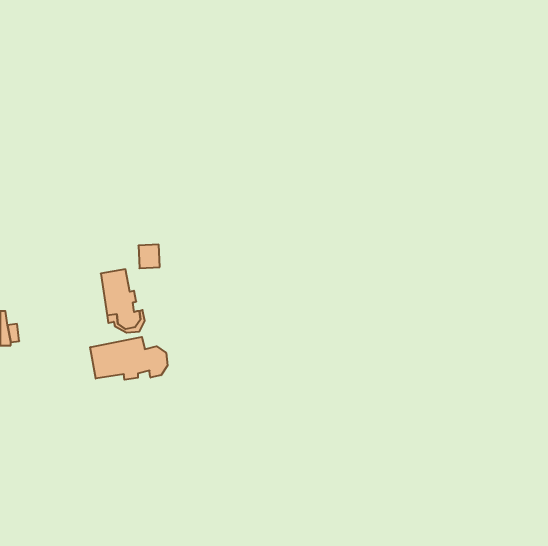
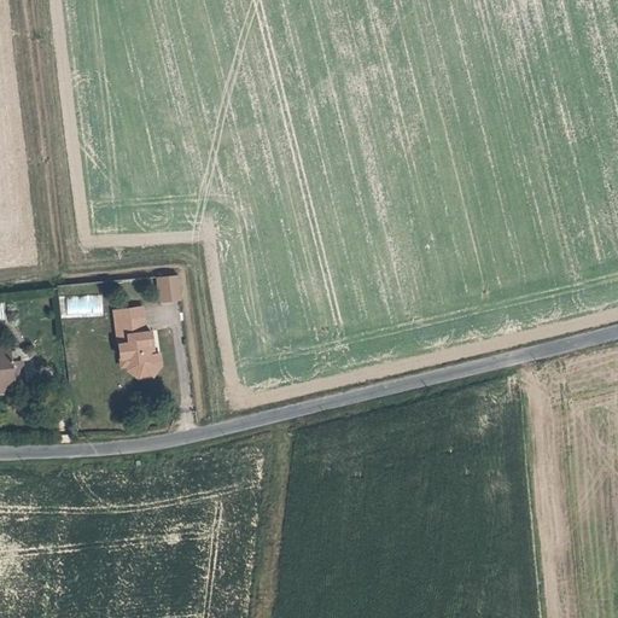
building: [90,337,168,380] -> none

